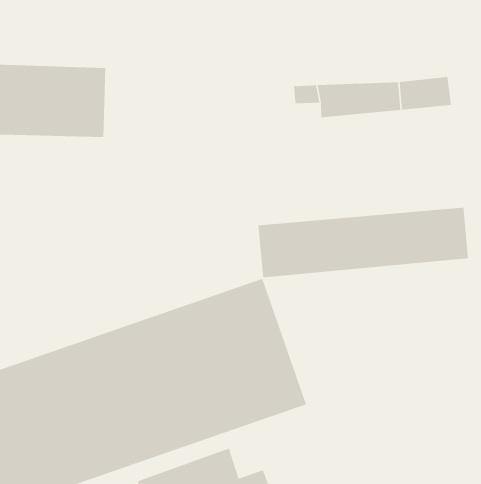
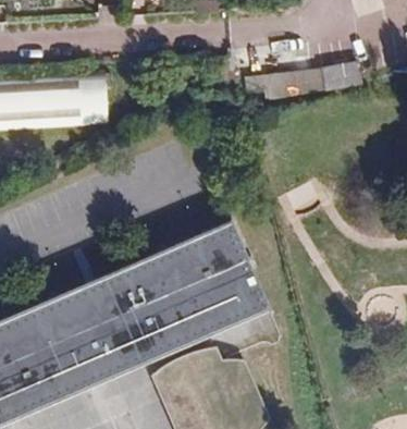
building: [258,207,468,278] -> none

